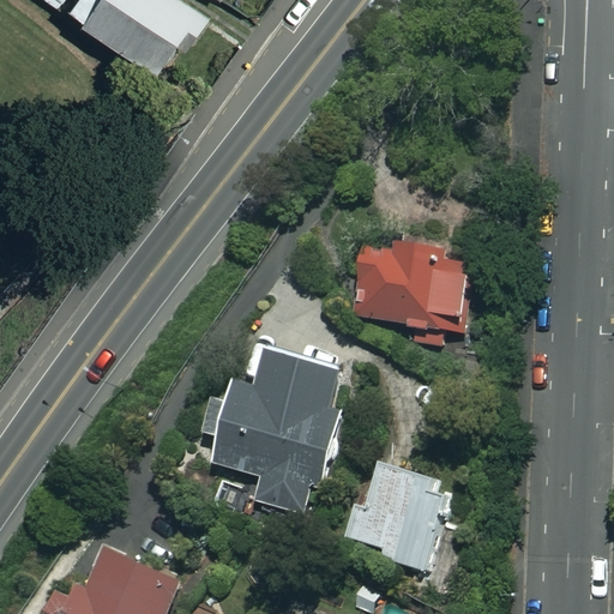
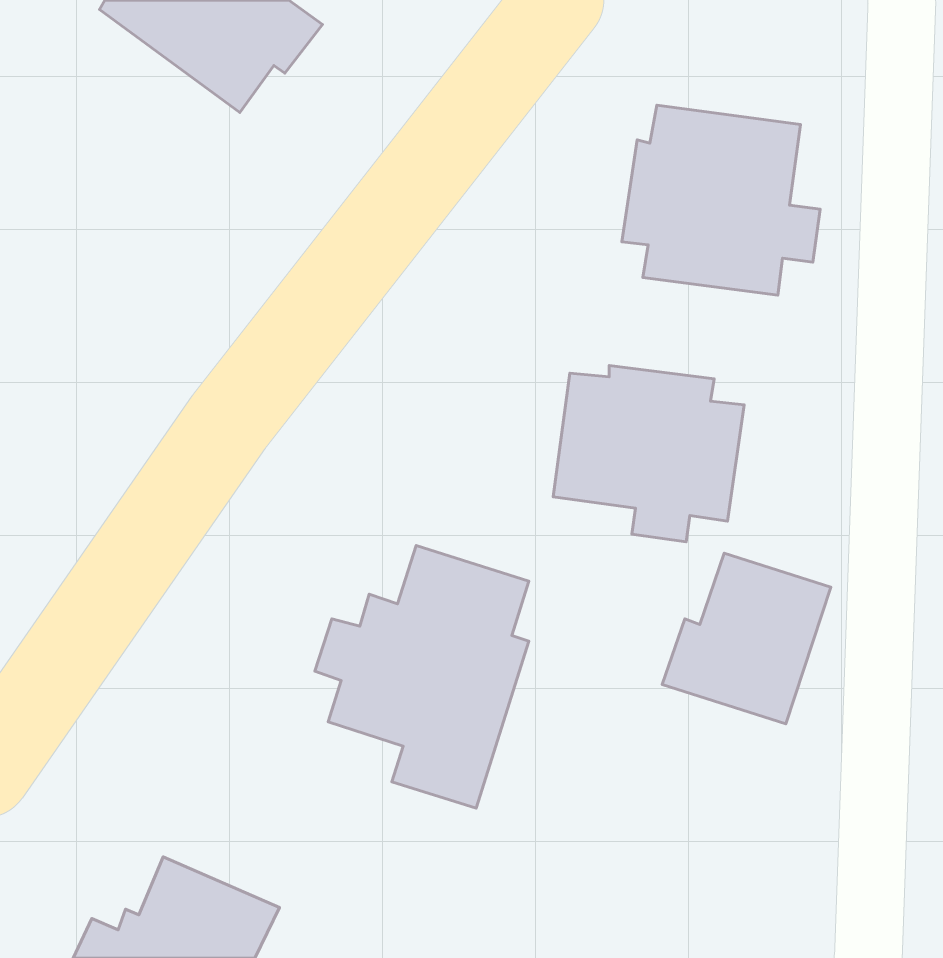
building: none -> [622,105,820,295]
building: [341,460,449,570] -> [662,553,831,724]

